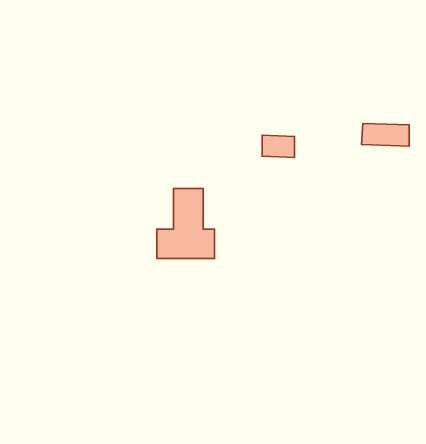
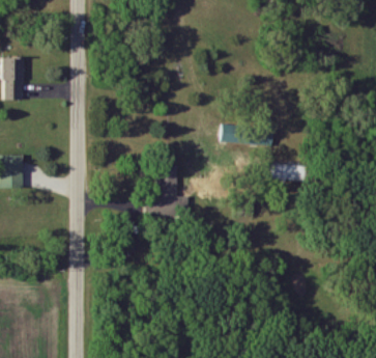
building: [361,124,409,146] -> [269,164,305,181]

